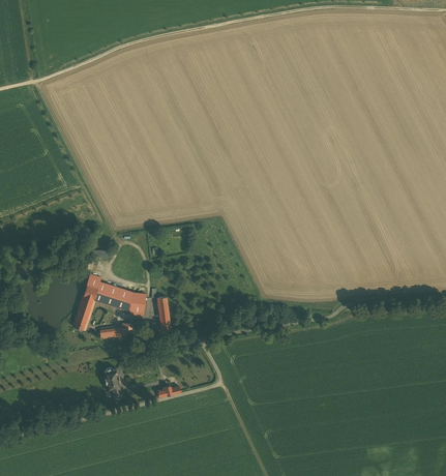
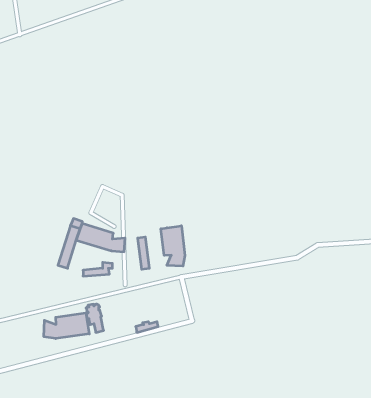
building: none -> [161,226,185,266]
building: none -> [44,313,89,339]

